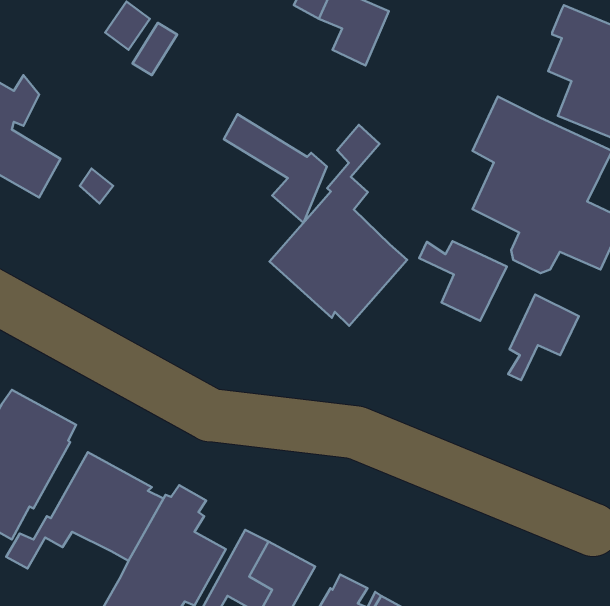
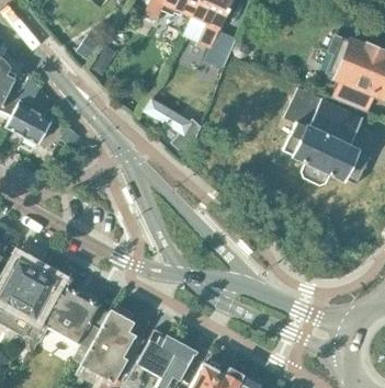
building: [269,125,407,326] -> none
building: [419,241,507,321] -> none
building: [508,295,579,380] -> none

